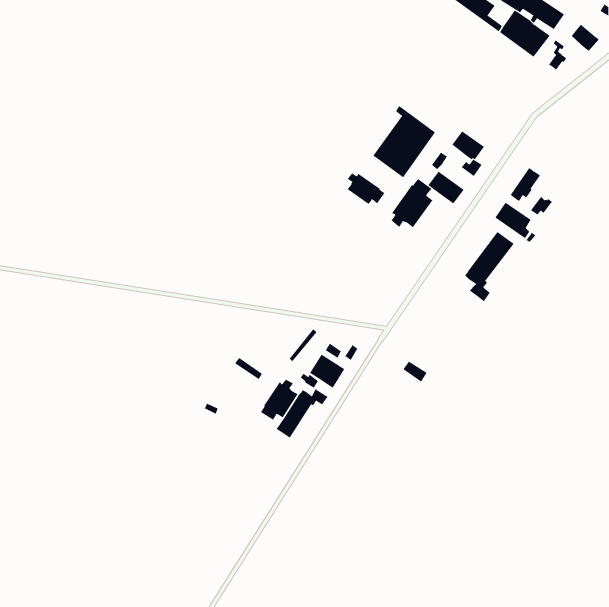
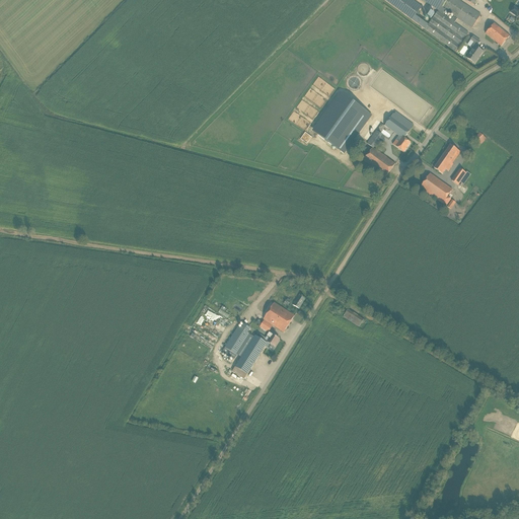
building: [347,173,385,205] -> none
building: [391,178,433,228] -> none
building: [465,231,514,302] -> none

